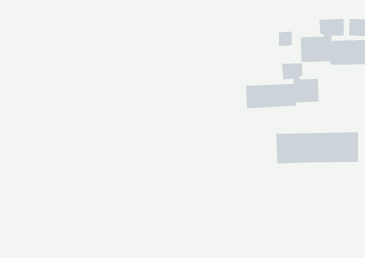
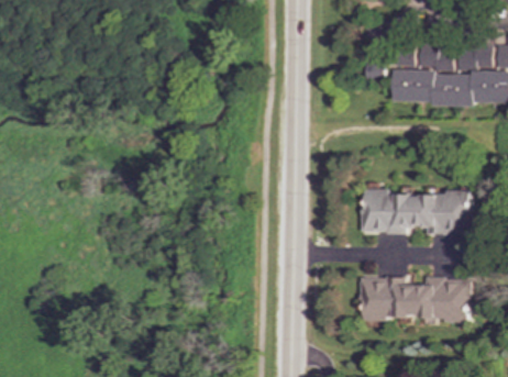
building: [246,62,319,109] -> none
building: none -> [358,276,468,321]

